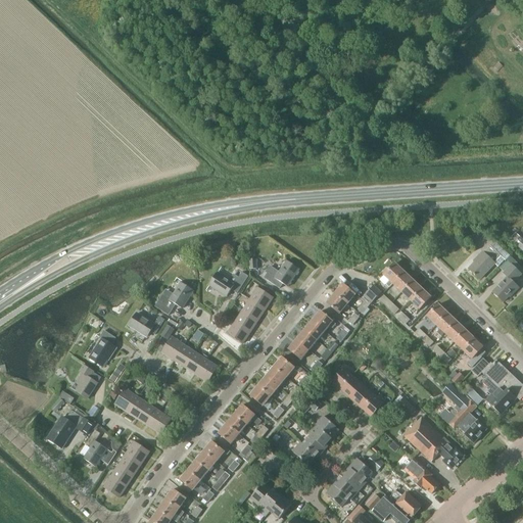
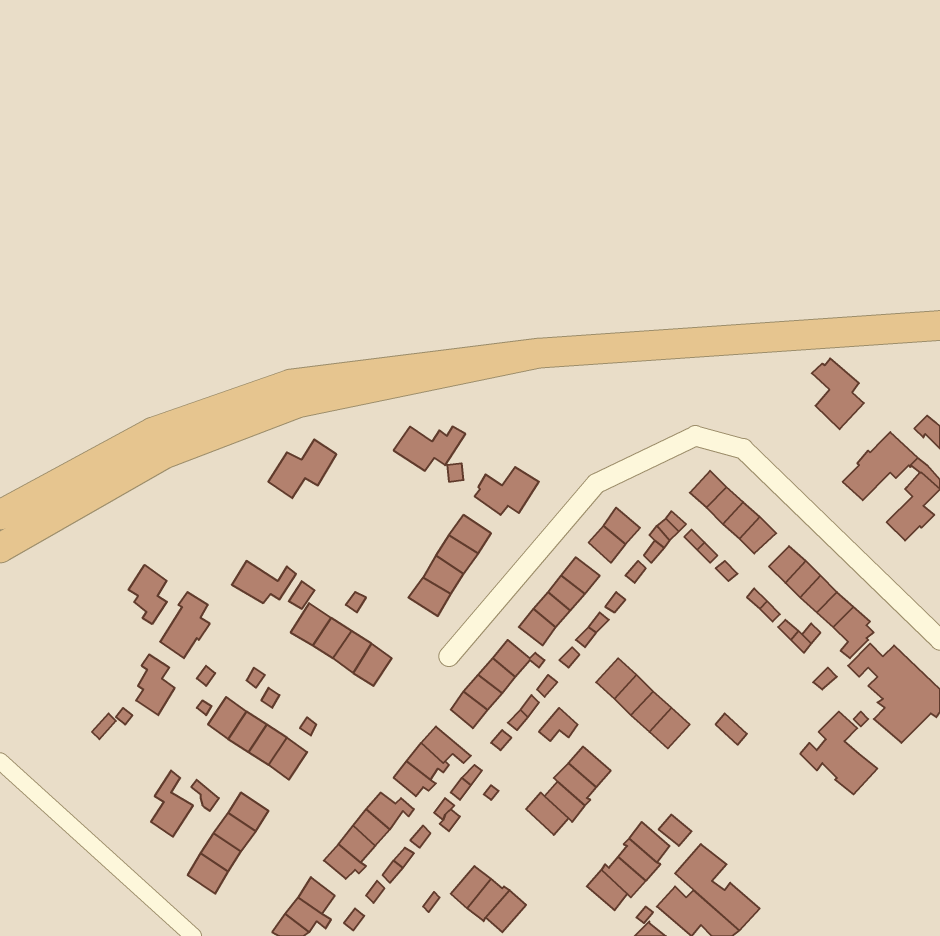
building: none -> [812,358,864,429]
building: [208,271,248,295] -> [394,427,465,471]
building: [155,281,193,314] -> [268,439,336,498]
building: none -> [129,565,167,624]
building: [47,410,94,446] -> none
building: [403,416,464,468] -> none
building: [403,458,439,492] -> none

